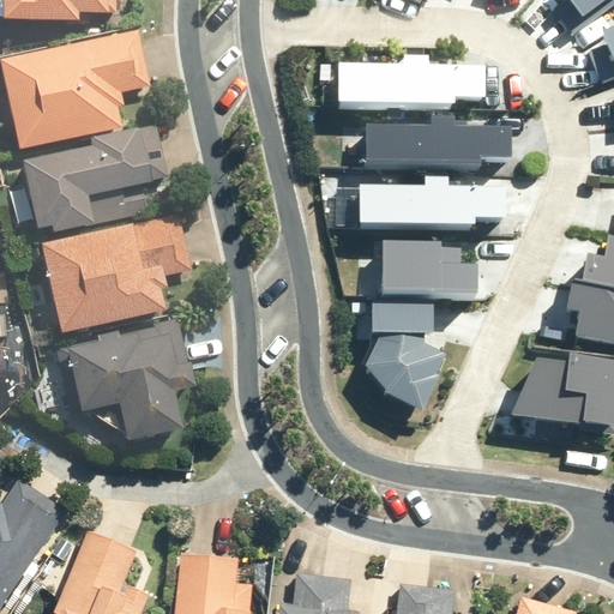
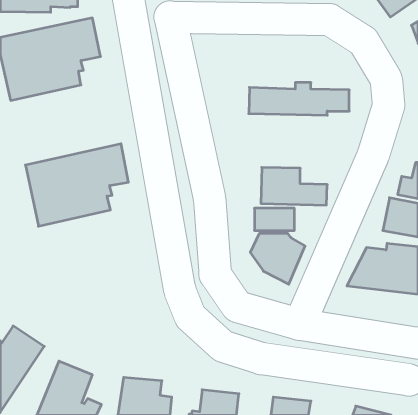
building: [339,61,487,110] -> none
building: [17,122,167,230] -> none
building: [361,181,507,234] -> none
building: [54,317,191,439] -> none

